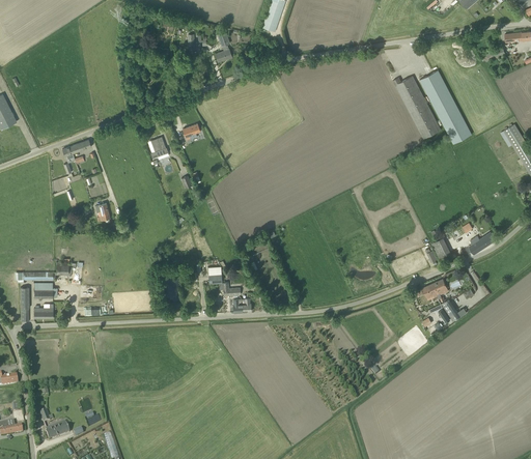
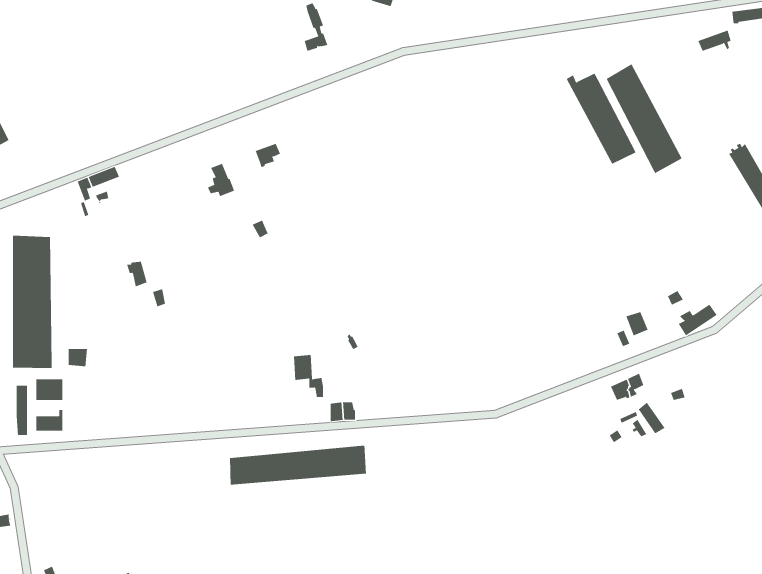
building: none -> [13,235,52,369]
building: none -> [229,445,367,486]

